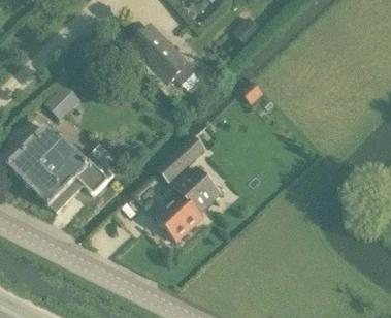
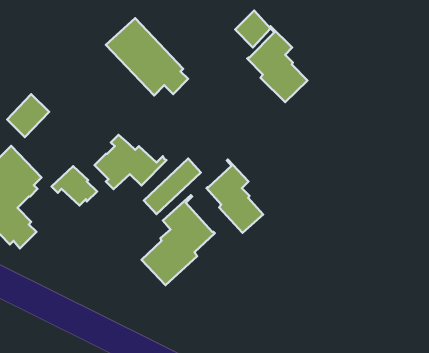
building: none -> [247,26,307,102]
building: none -> [206,160,263,233]
building: [55,151,113,195] -> [95,135,167,189]

